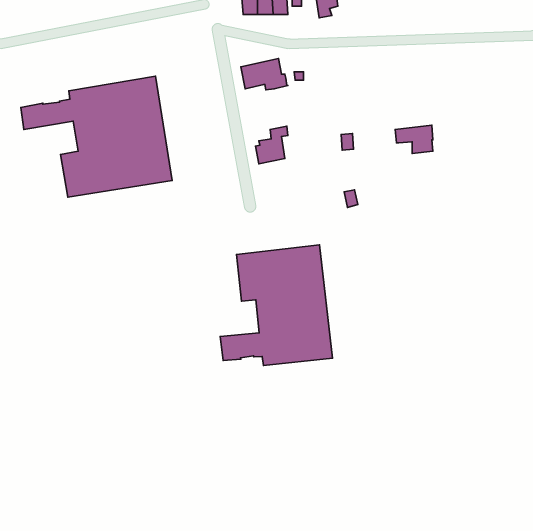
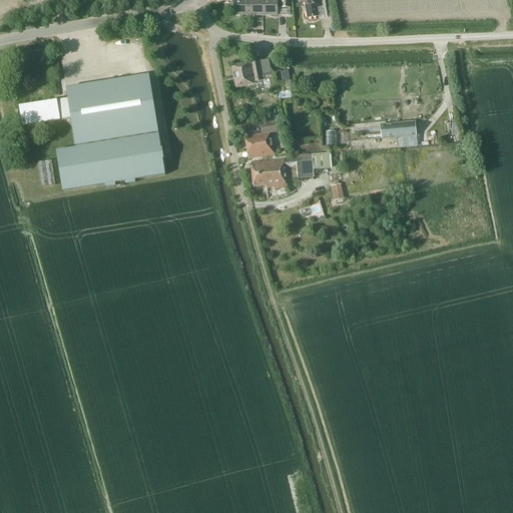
building: none -> [249,151,331,186]
building: [220,245,333,365] -> none

